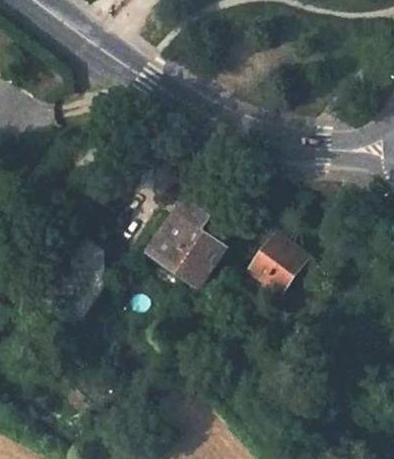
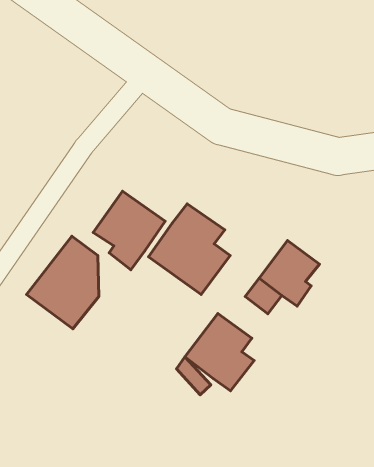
building: none -> [93,191,165,270]
building: none -> [185,314,254,391]

